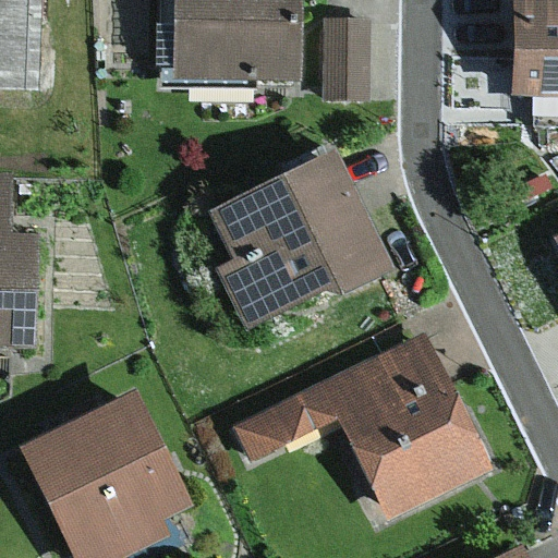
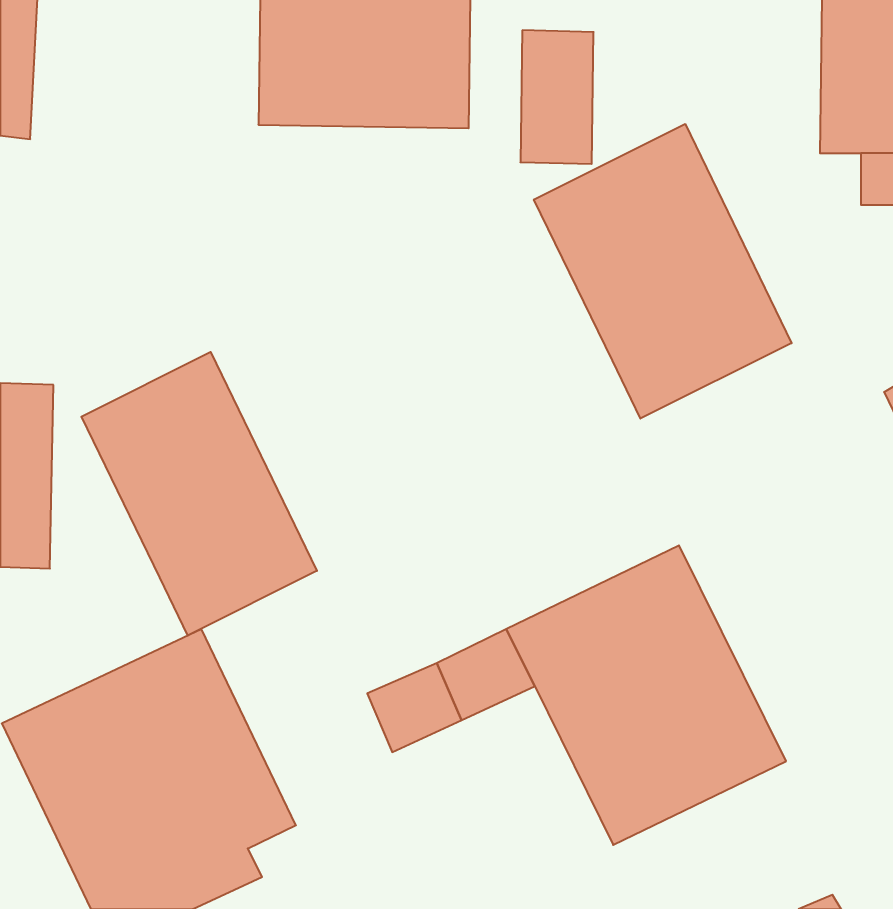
building: none -> [534,124,792,419]
building: [211,154,383,331] -> none
building: none -> [81,352,317,636]

